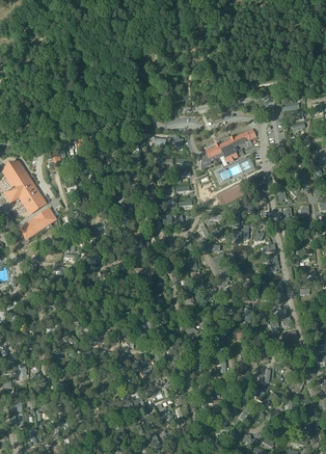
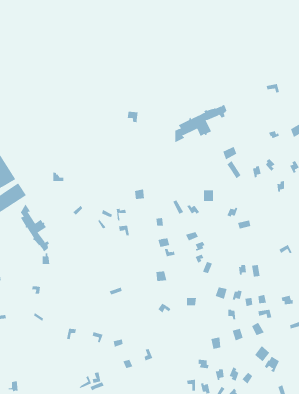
building: none -> [20,203,50,252]

